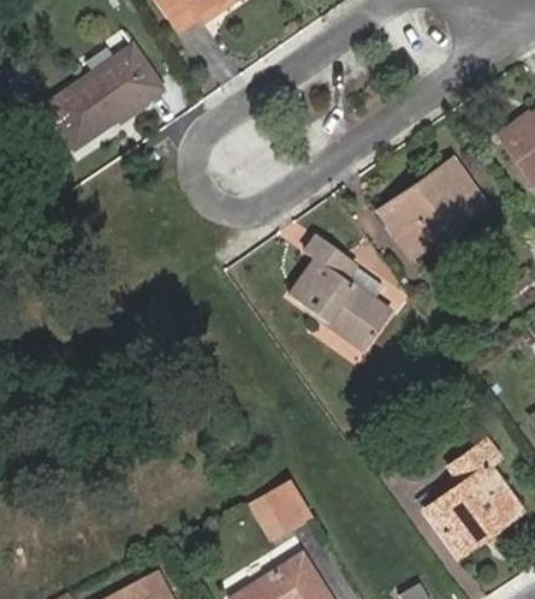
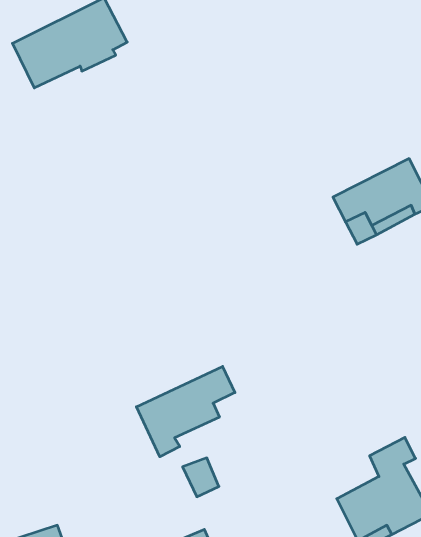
building: [292,237,388,345] -> none
building: none -> [136,366,235,457]

